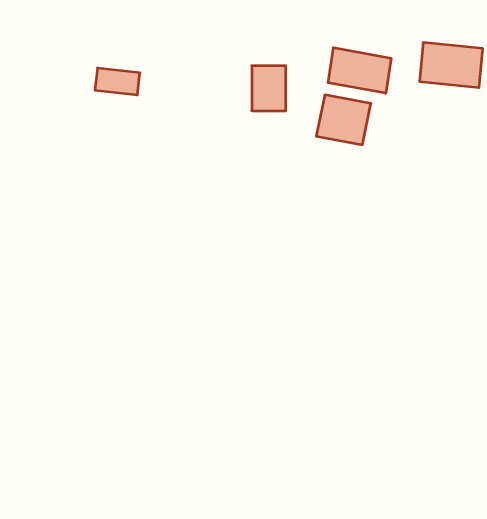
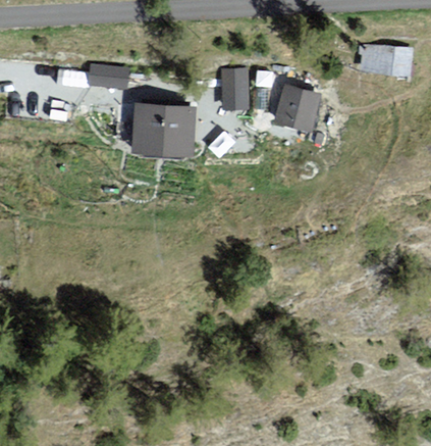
building: [328,48,391,93] -> none
building: none -> [131,106,192,155]

